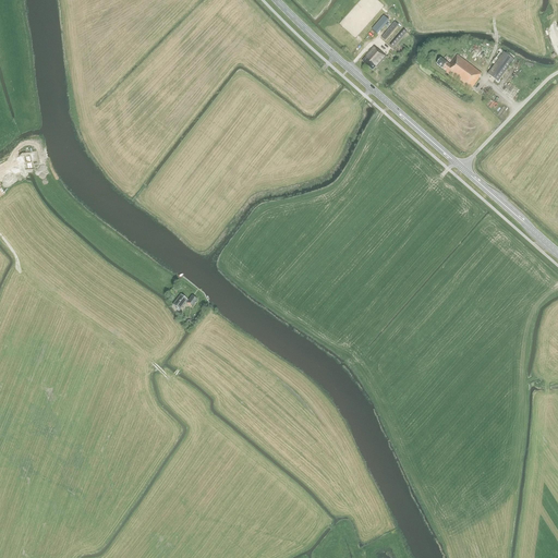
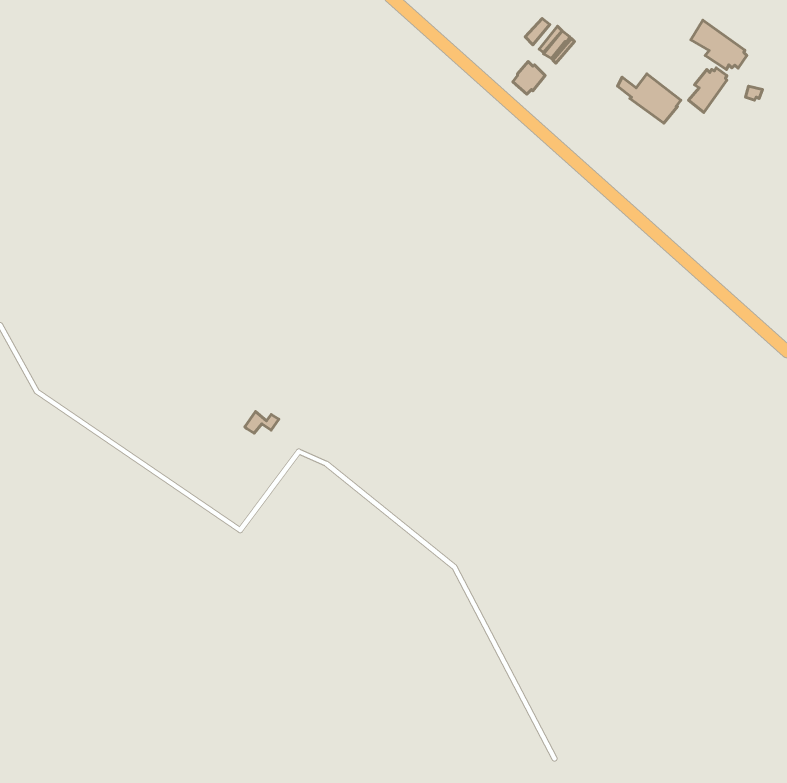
building: none -> [691,20,747,69]

